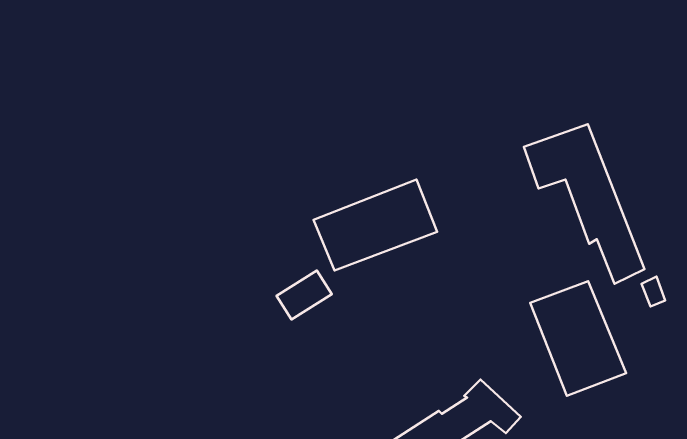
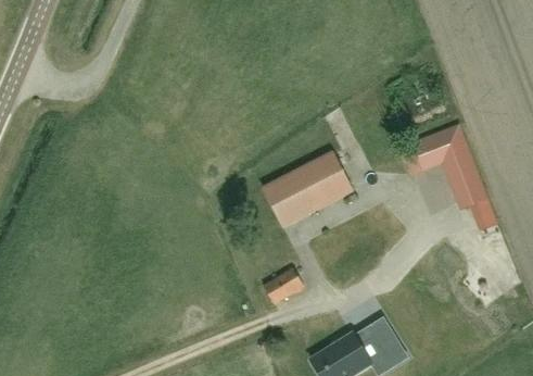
building: [277,270,332,320] -> [263,267,303,303]
building: [530,281,626,396] -> none

